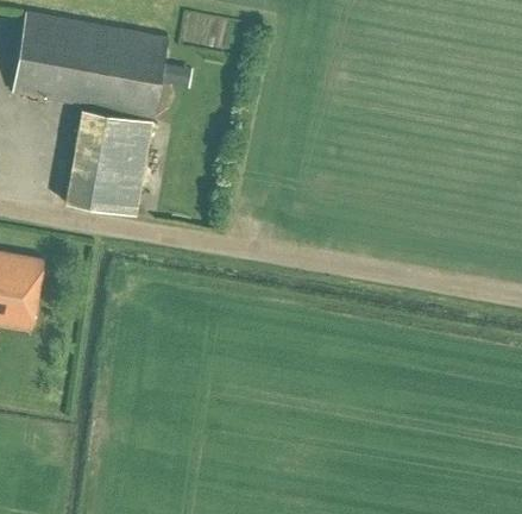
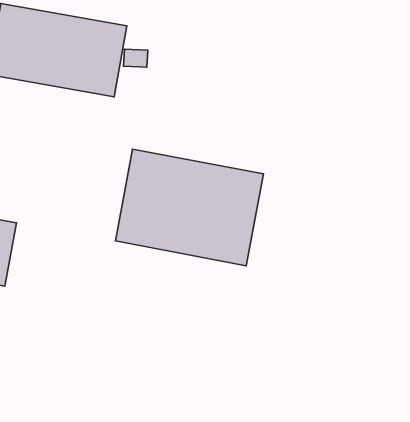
building: [63,109,152,217] -> none
building: none -> [115,149,263,266]

